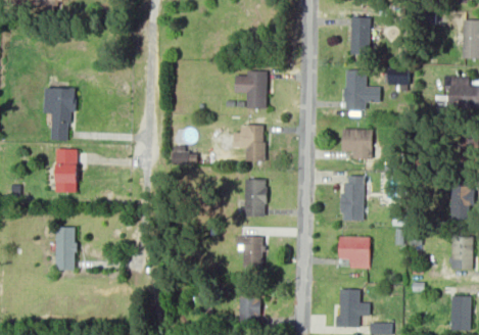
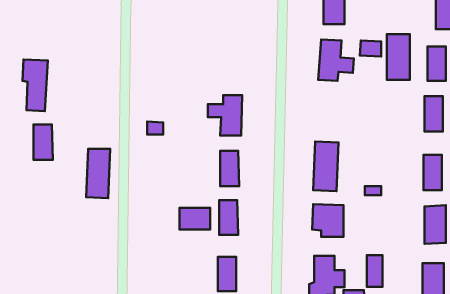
building: none -> [387,34,410,80]
building: [231,69,266,110] -> none
building: [338,125,373,159] -> none
building: [53,227,78,277] -> [86,149,110,198]
building: none -> [180,208,210,229]
building: none -> [367,255,382,287]

